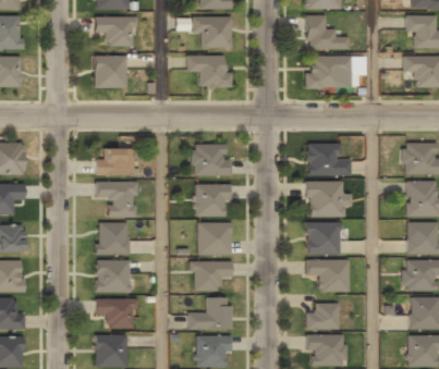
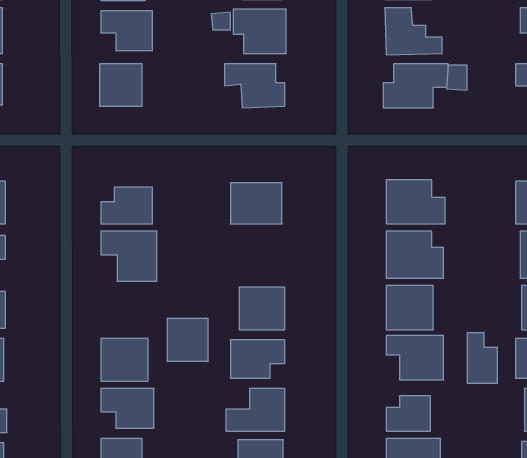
building: [195,184,230,216] -> none
building: [97,223,127,255] -> [167,319,208,361]
building: none -> [467,332,497,383]

